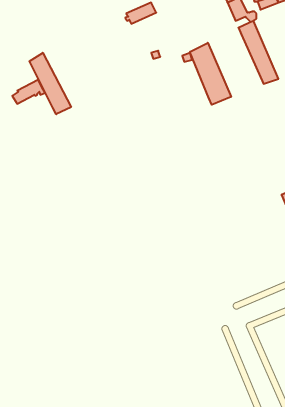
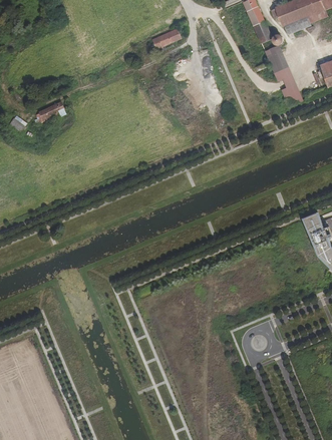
building: [190,43,231,105] -> none
building: [29,53,71,114] -> none

